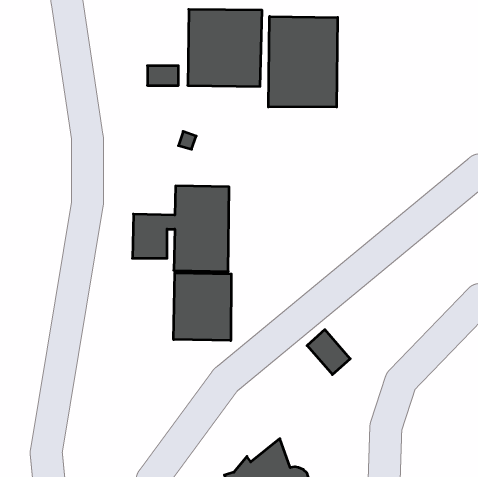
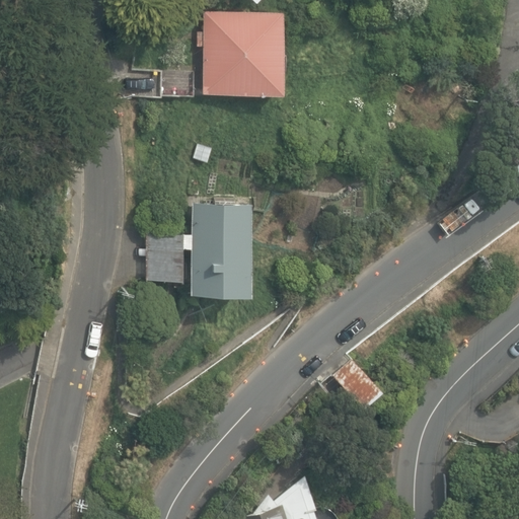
building: [268,16,338,107] -> none
building: [174,273,231,341] -> none

